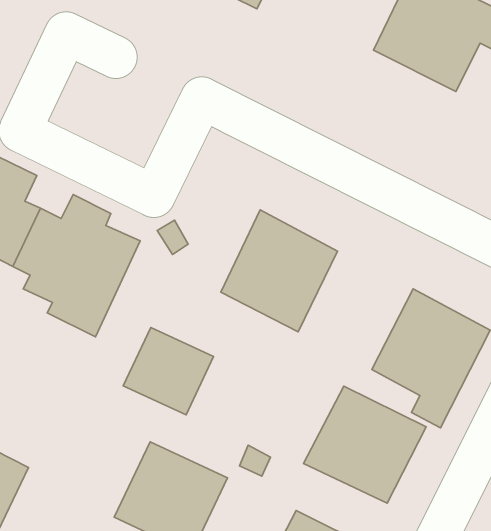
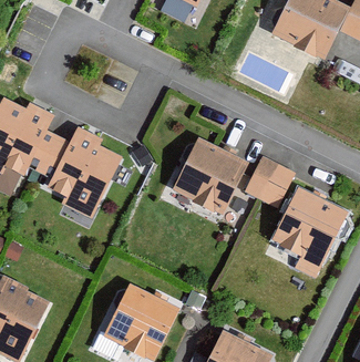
building: none -> [246,155,292,205]
building: [123,327,214,415] -> none
building: [303,386,426,503] -> none

